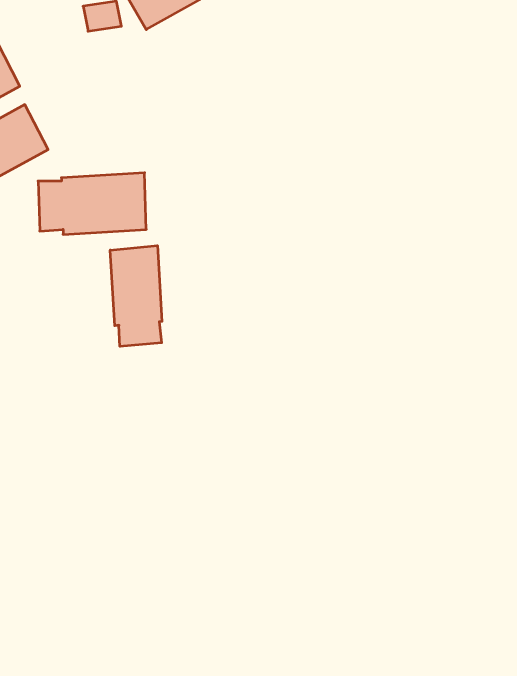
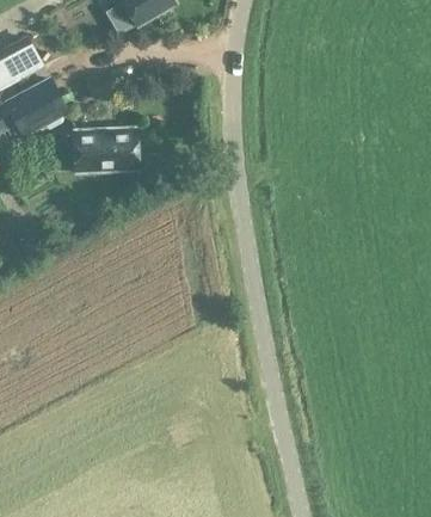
building: [110,246,162,346] -> none

